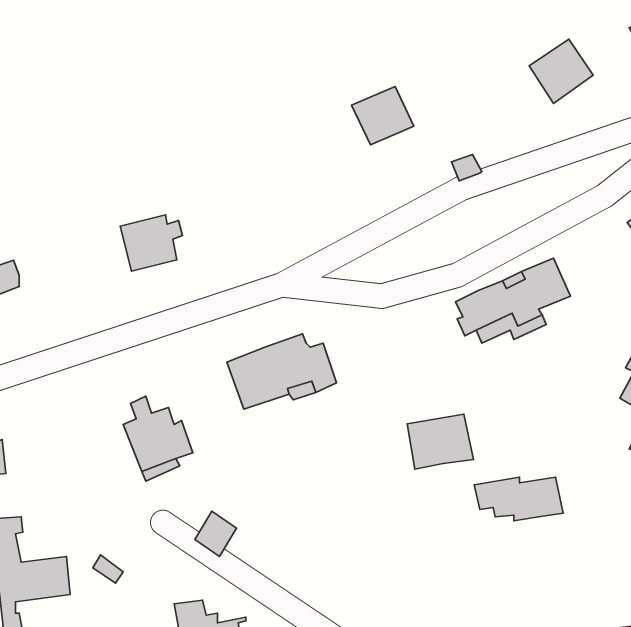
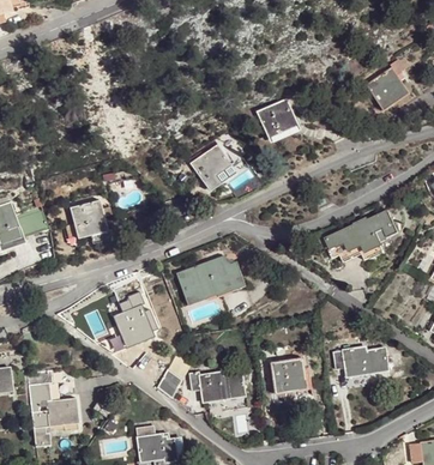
building: none -> [189,146,234,189]
building: [120,215,182,271] -> [67,199,107,235]
building: [407,414,473,469] -> [272,357,314,392]
building: none -> [191,368,246,400]

